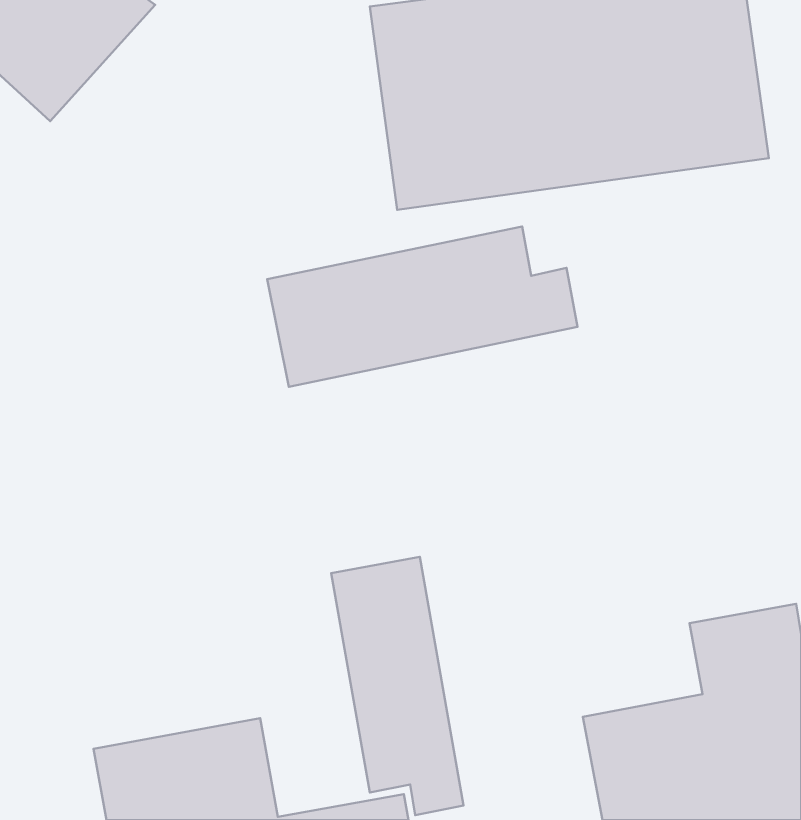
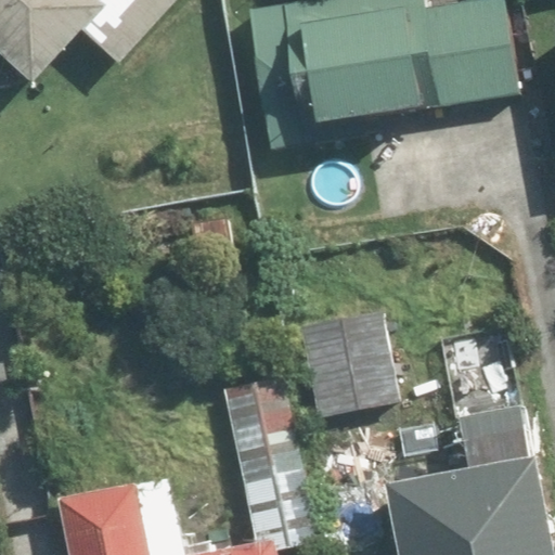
building: [267,226,578,387] -> none
building: none -> [292,306,435,418]

